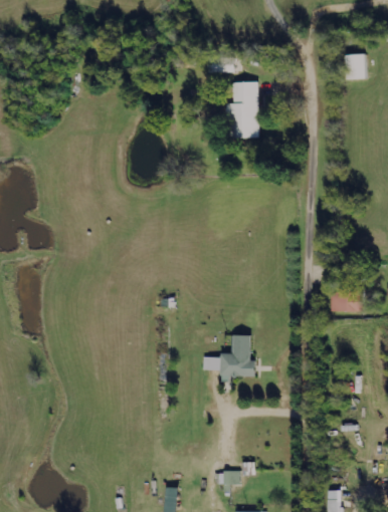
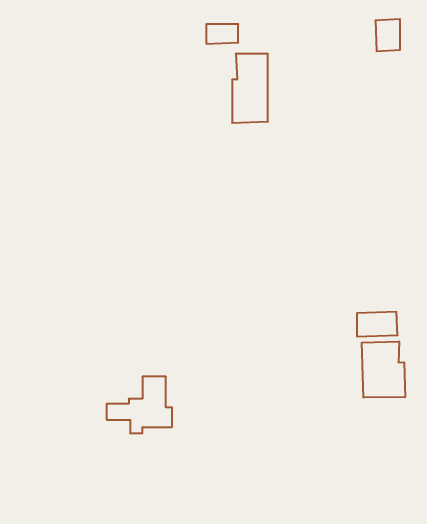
building: none -> [362,341,405,398]
building: [202,335,255,381] -> [107,377,172,433]

